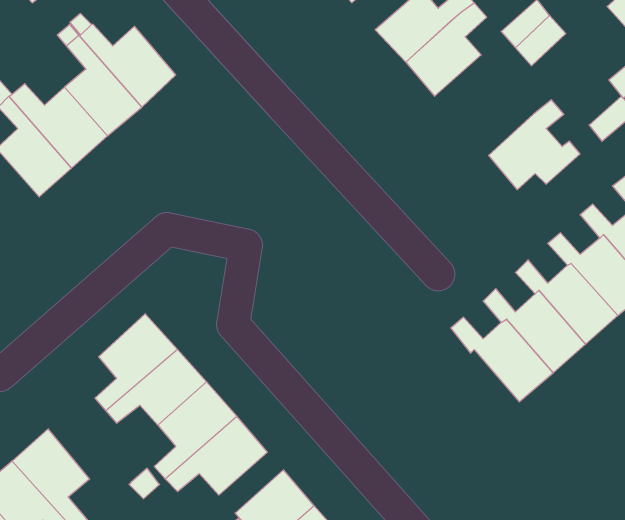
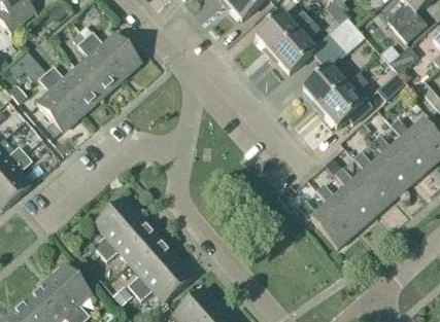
building: none -> [303,64,346,106]

